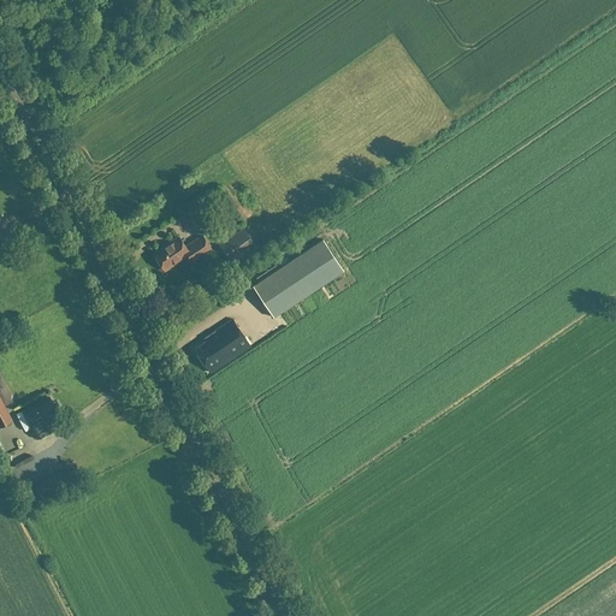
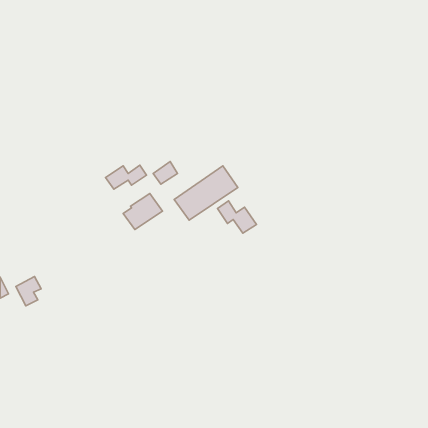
building: none -> [217,201,257,233]
building: [192,321,249,373] -> [123,194,162,230]

